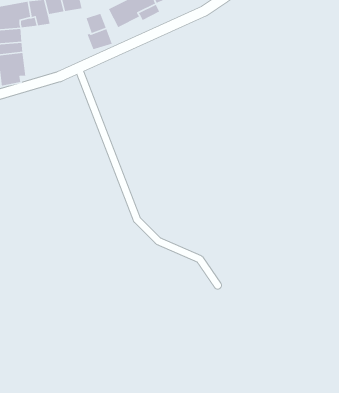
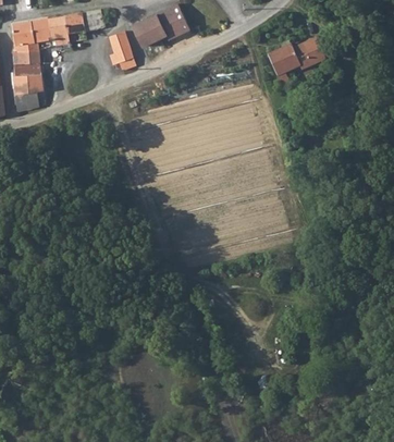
building: none -> [266,41,325,88]

